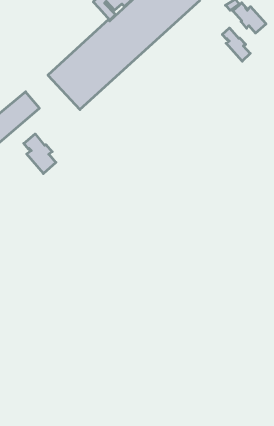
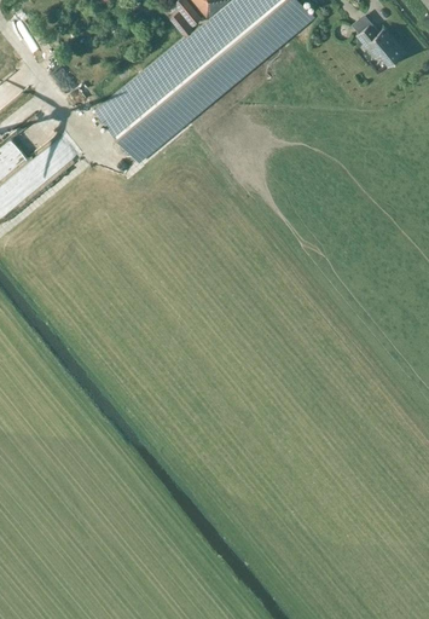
building: [222,28,250,61] -> none
building: [24,134,56,174] -> none

